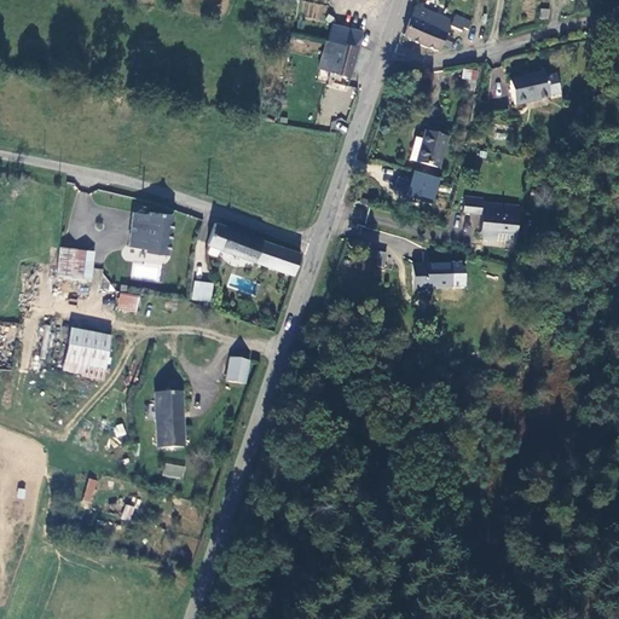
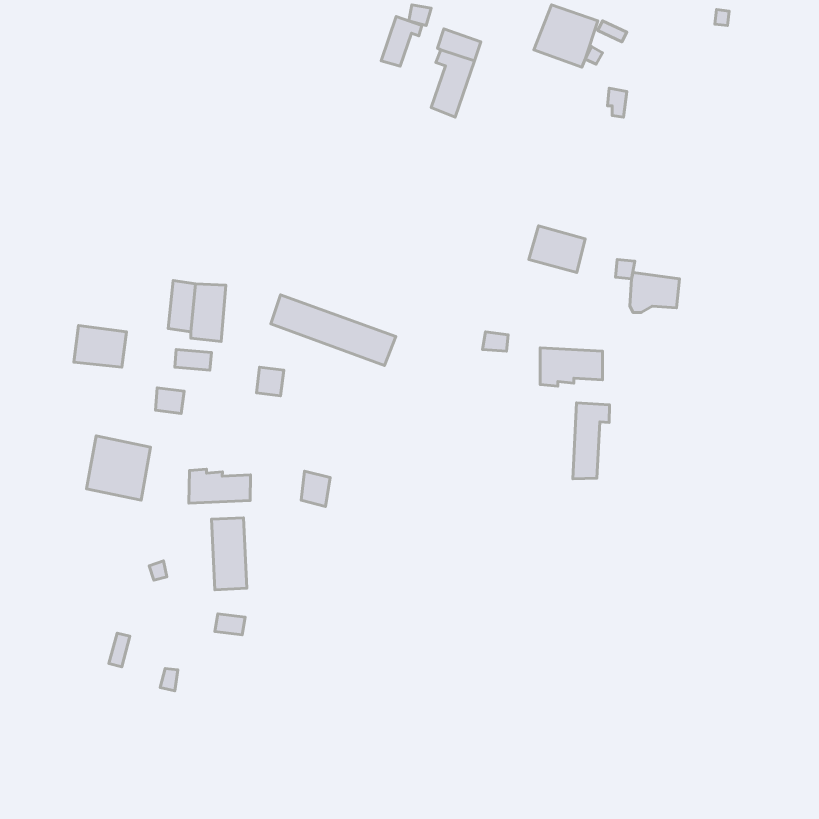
building: none -> [381,16,422,66]
building: [507,74,555,104] -> none
building: [416,133,445,168] -> none
building: none -> [573,403,610,479]
building: none -> [189,469,251,503]

